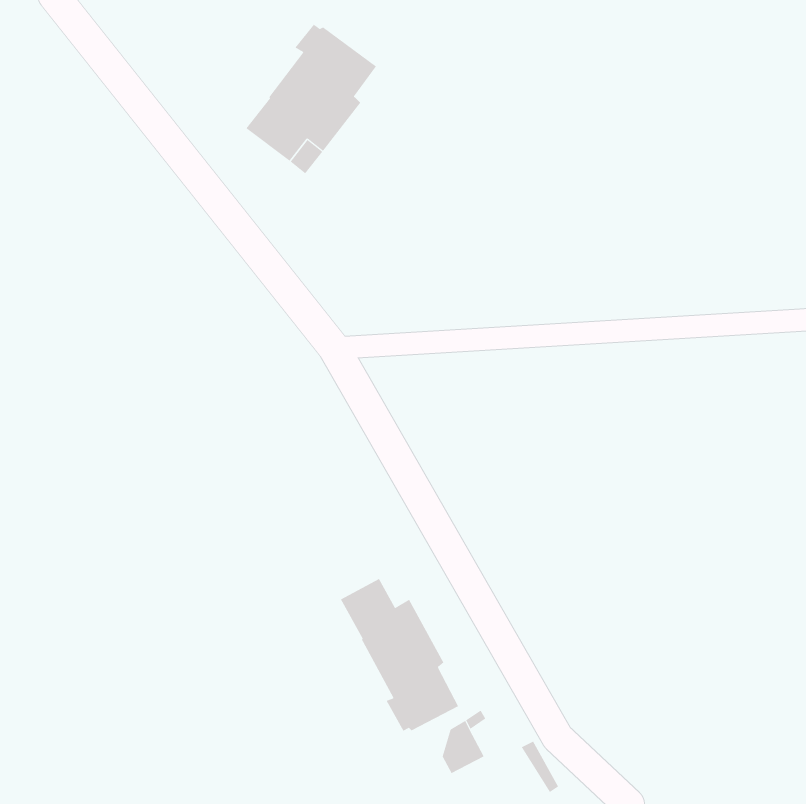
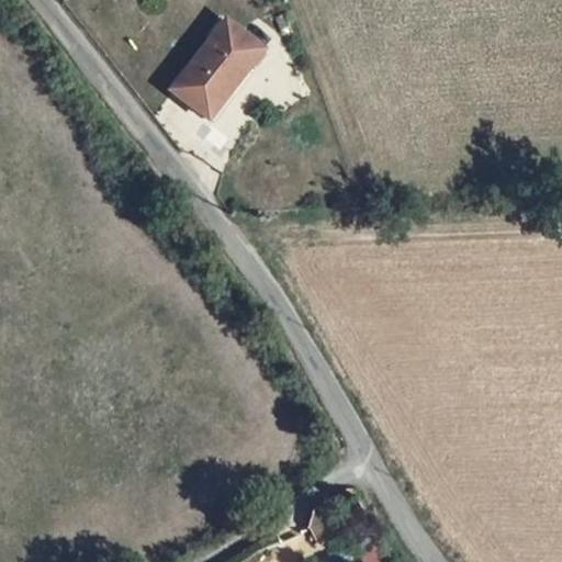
building: [340,578,459,732] -> none

